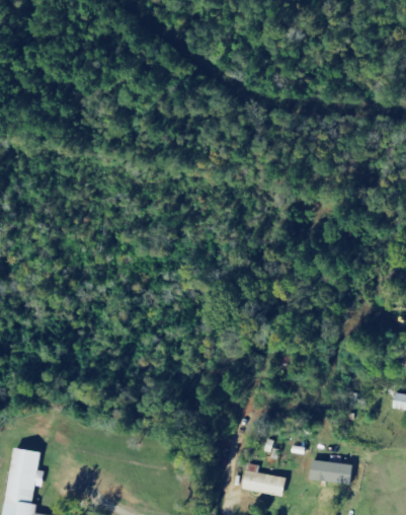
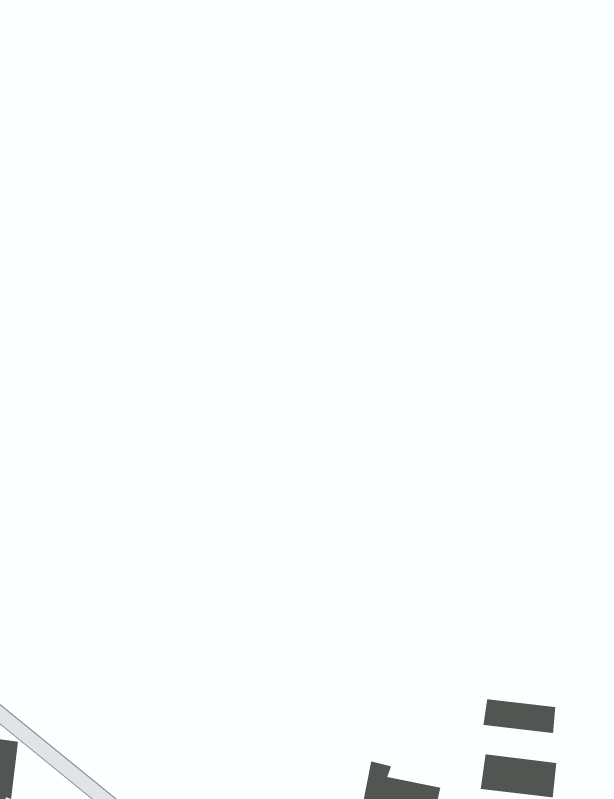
building: none -> [483,699,556,734]

